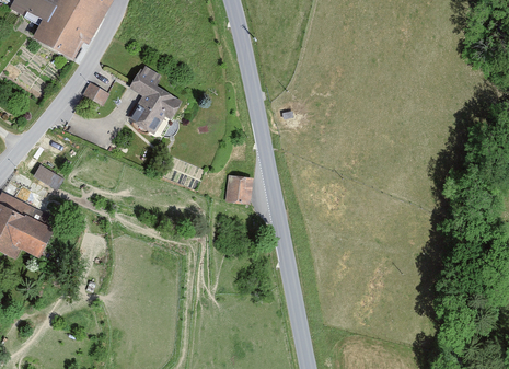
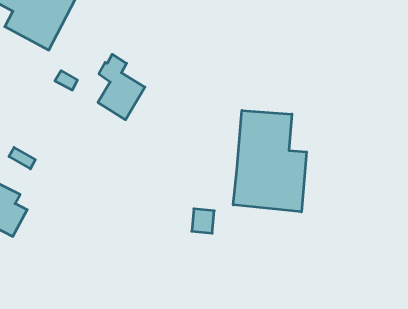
building: none -> [233,110,307,212]
building: [228,176,252,203] -> [192,209,214,233]

